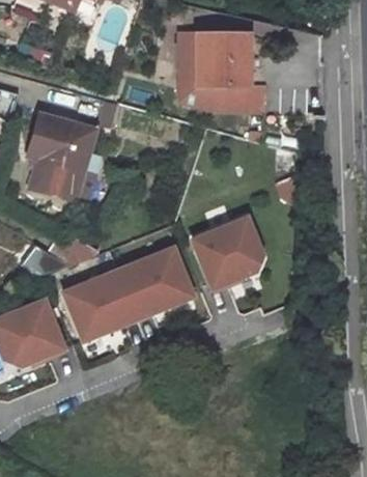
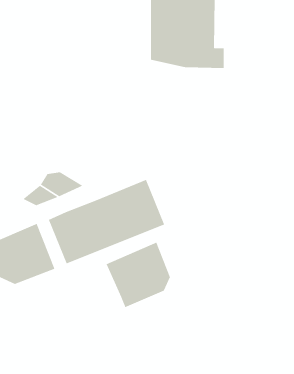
building: [24,109,98,202] -> none
building: [189,212,265,289] -> [105,242,171,308]

